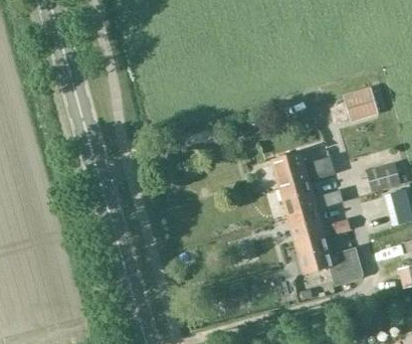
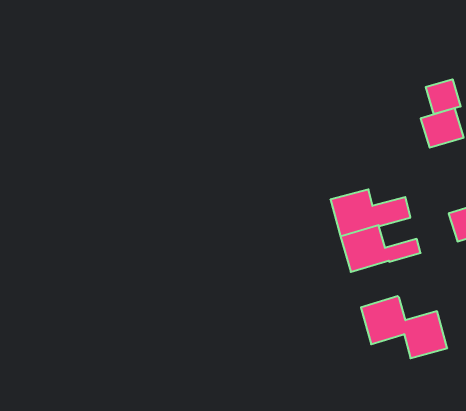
building: none -> [426,79,461,114]
building: [287,208,350,245] -> none

